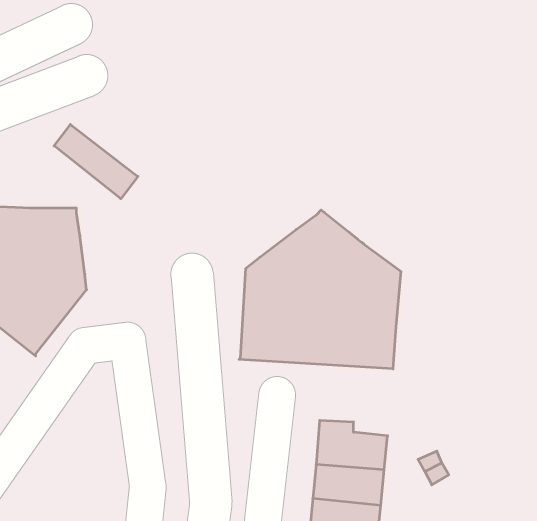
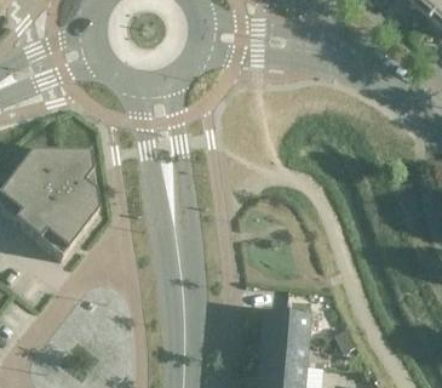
building: [54,124,138,199] -> none
building: [239,210,401,369] -> none

